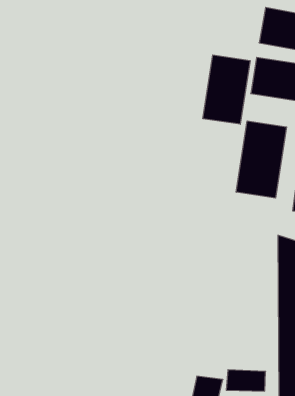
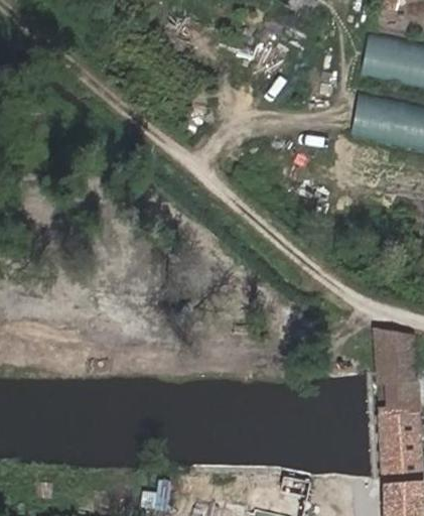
building: [203,55,250,124] -> none
building: [236,121,287,198] -> none

